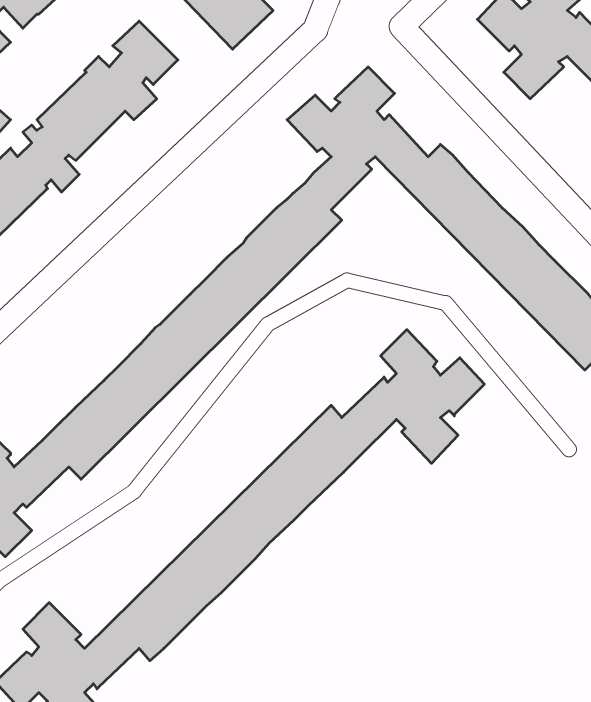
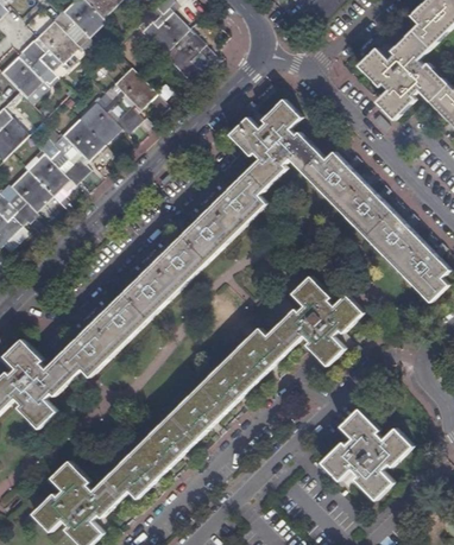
building: none -> [321,407,412,500]

